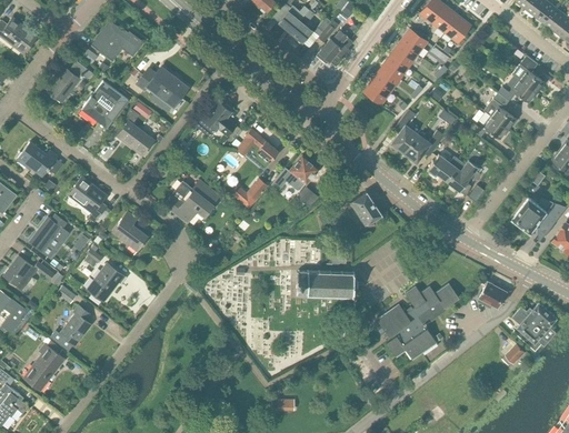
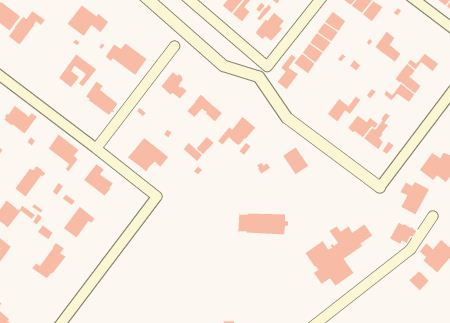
building: [512,56,545,93] -> [375,31,402,63]
building: [47,61,92,103] -> [8,10,46,45]
building: [390,110,417,153] -> [276,54,299,90]
building: none -> [399,181,430,215]
building: [22,341,64,391] -> none

